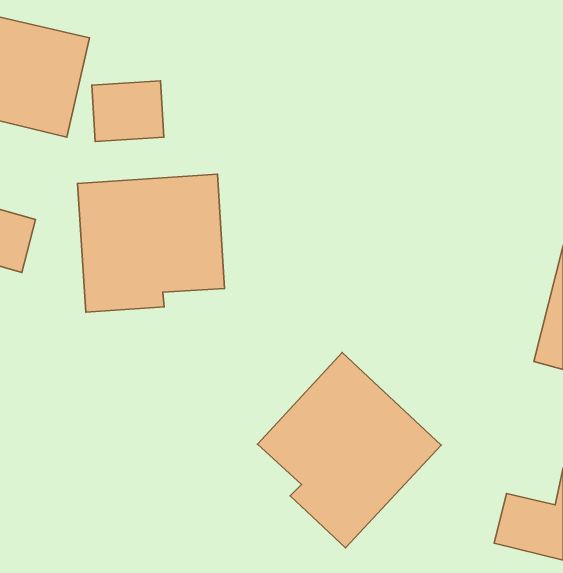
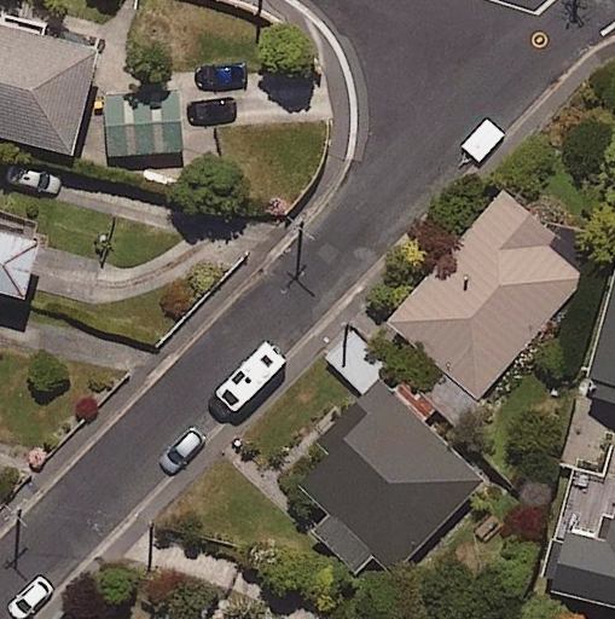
building: [77,174,225,312] -> none
building: none -> [385,192,591,404]

